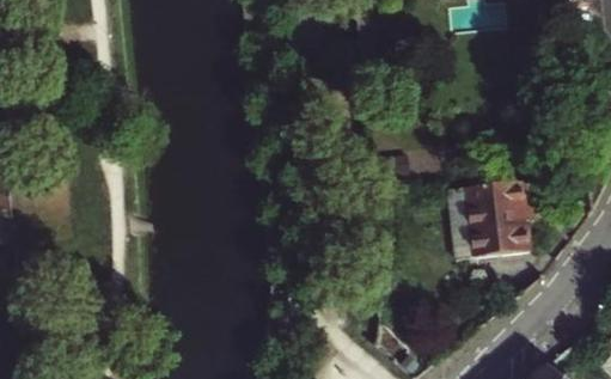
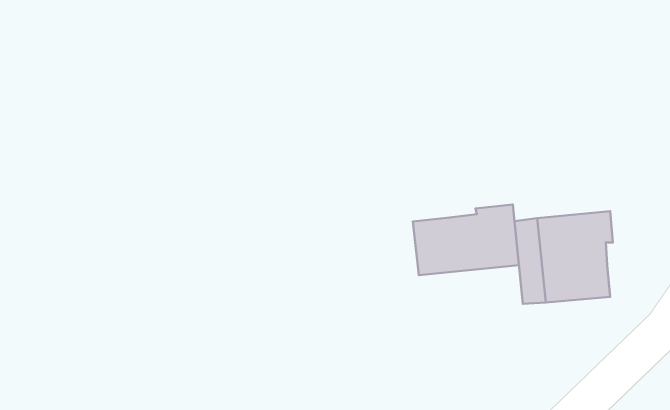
building: none -> [413,204,519,275]

